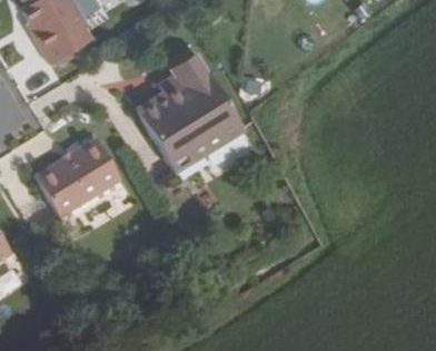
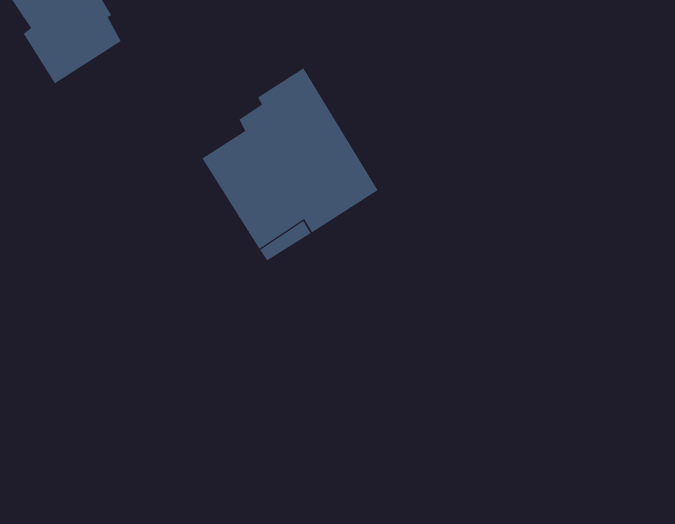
building: [33,138,119,216] -> none

